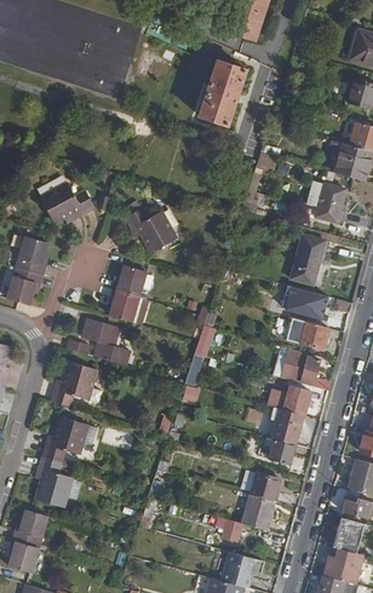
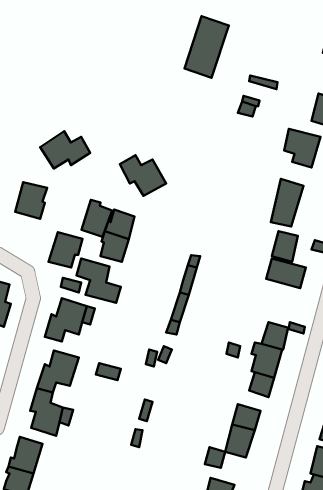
building: none -> [82,200,112,237]
building: [8,269,45,306] -> [49,232,83,267]
building: [283,349,319,384] -> none

